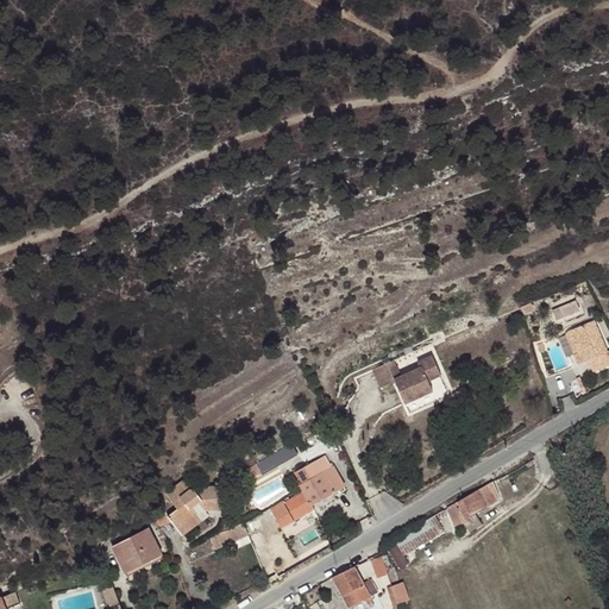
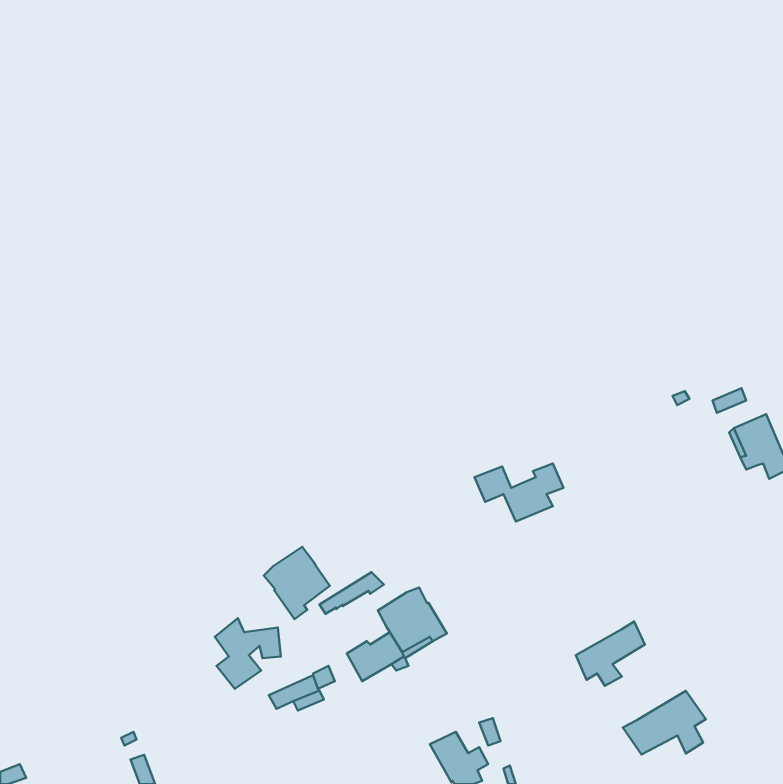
building: none -> [264,547,330,619]
building: [395,516,444,554] -> none
building: [113,528,163,572] -> none
building: none -> [623,691,706,755]

